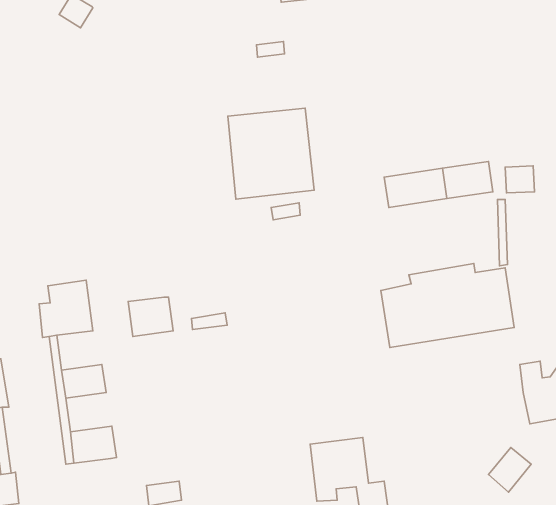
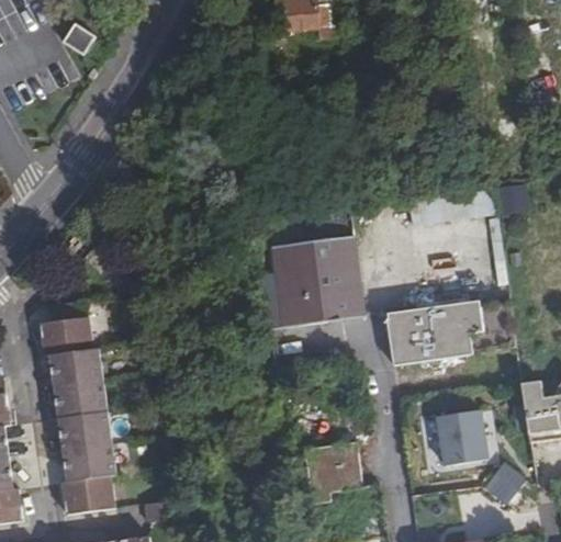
building: [228,108,314,199] -> [274,236,359,325]
building: [128,297,173,336] -> [58,350,102,388]
building: none -> [427,409,496,476]
building: none -> [67,410,112,449]
building: none -> [63,475,114,512]

